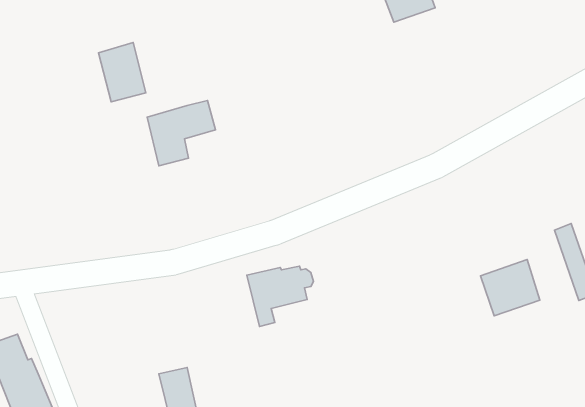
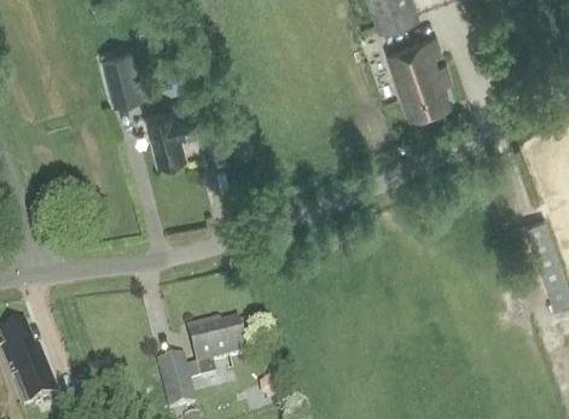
building: none -> [388,39,449,120]
building: [480,260,540,316] -> none
building: [247,266,314,326] -> [188,320,251,377]

